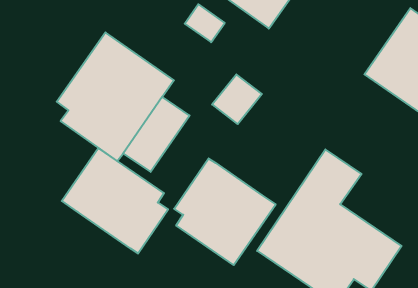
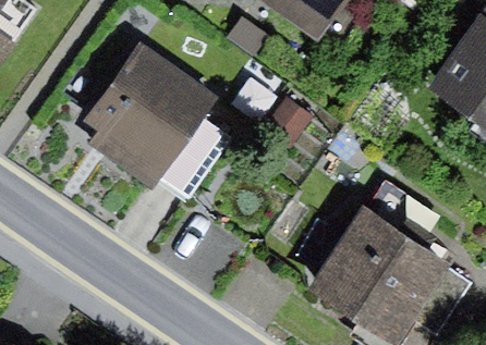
building: [62,148,168,254] -> none
building: [174,158,276,265] -> none

